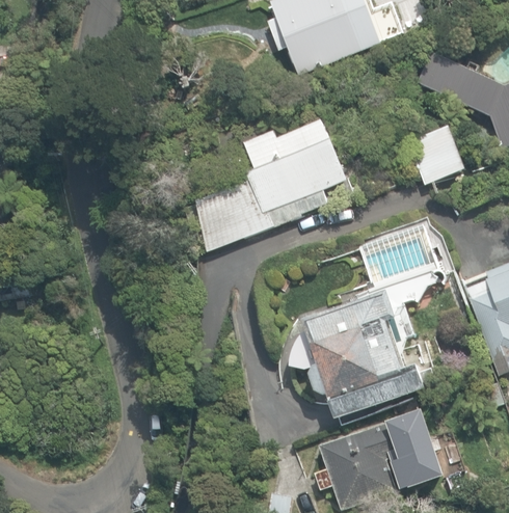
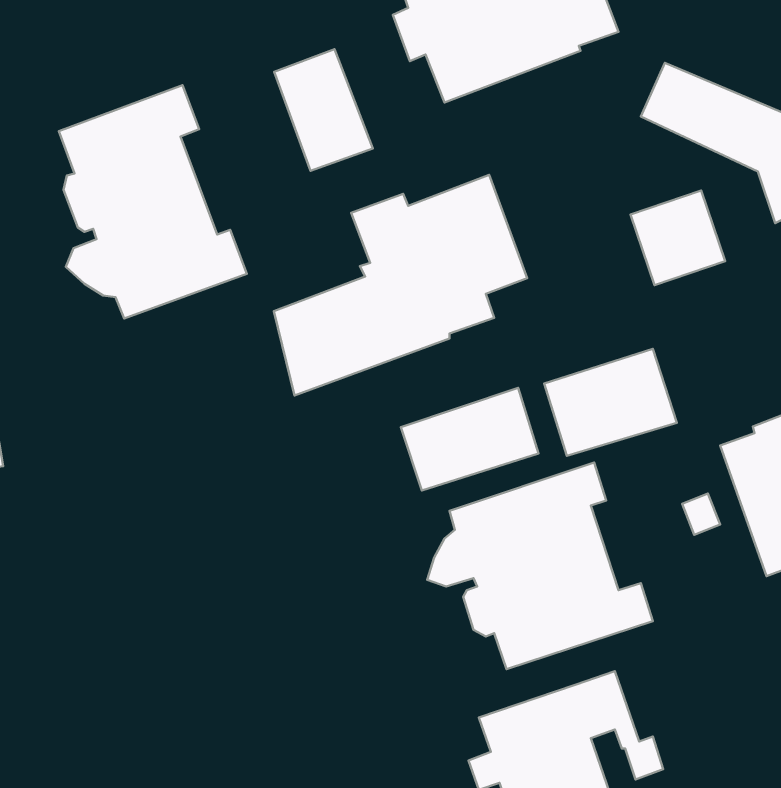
building: none -> [274,49,373,171]
building: none -> [59,85,247,319]
building: none -> [401,388,538,491]

